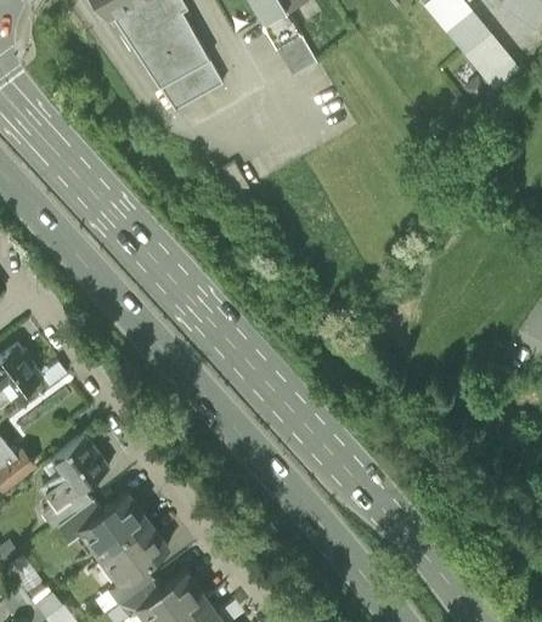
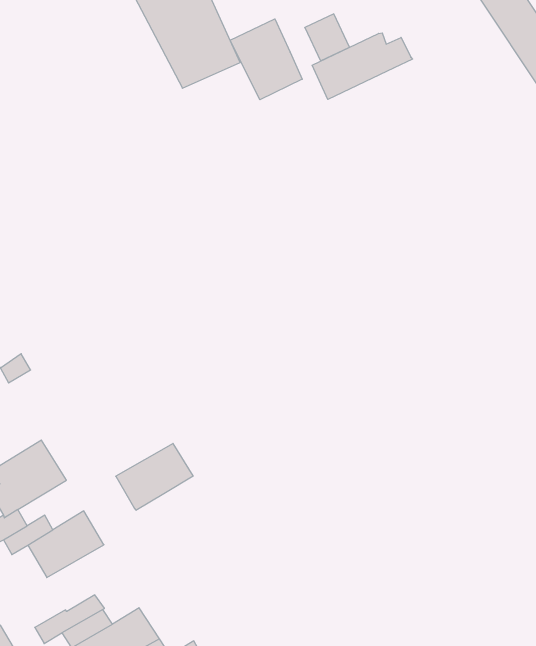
building: none -> [230,19,302,100]
building: none -> [312,33,413,99]
building: [100,522,168,584] -> [116,443,193,510]

